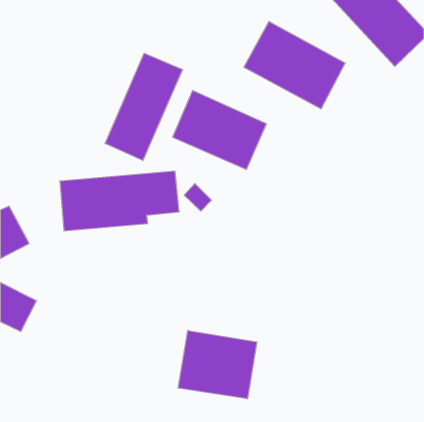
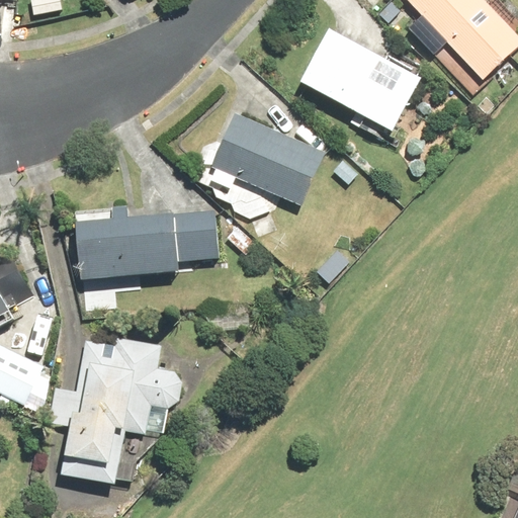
building: [105,53,183,161] -> none
building: none -> [49,338,181,485]
building: [178,330,257,399] -> none

